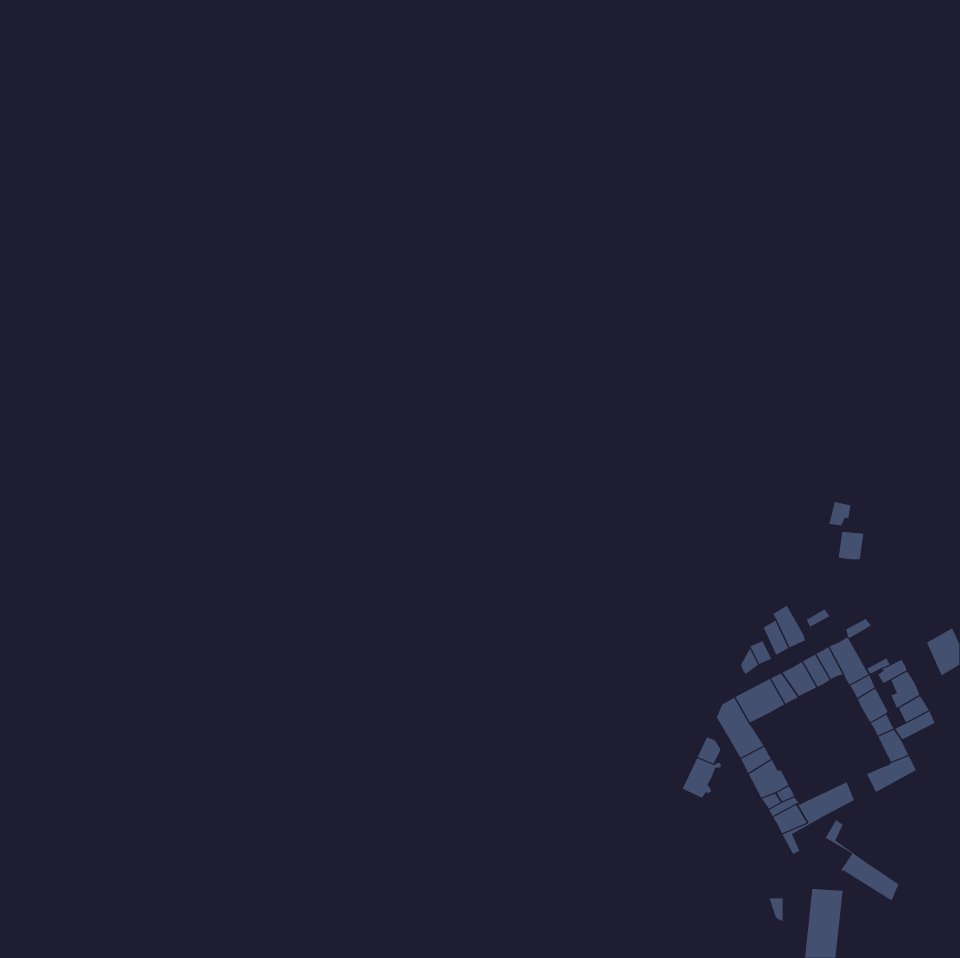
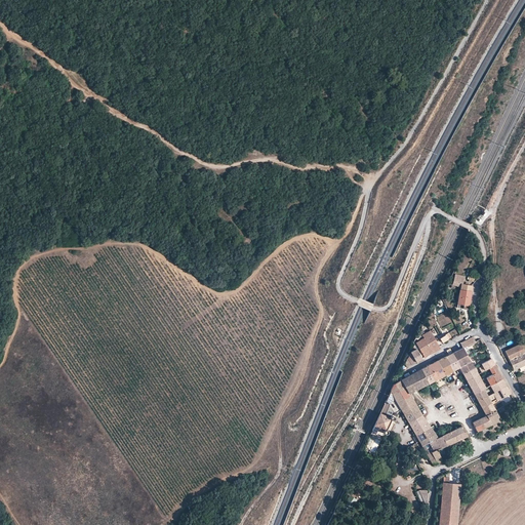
building: [825,819,899,902] -> none

